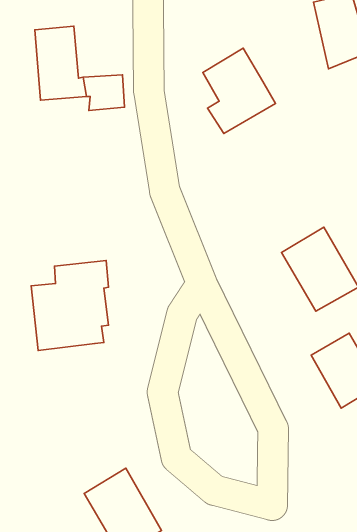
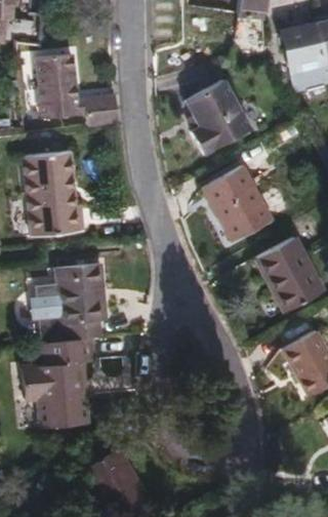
building: none -> [23,154,83,237]
building: none -> [203,162,274,239]
building: none -> [19,337,93,430]

